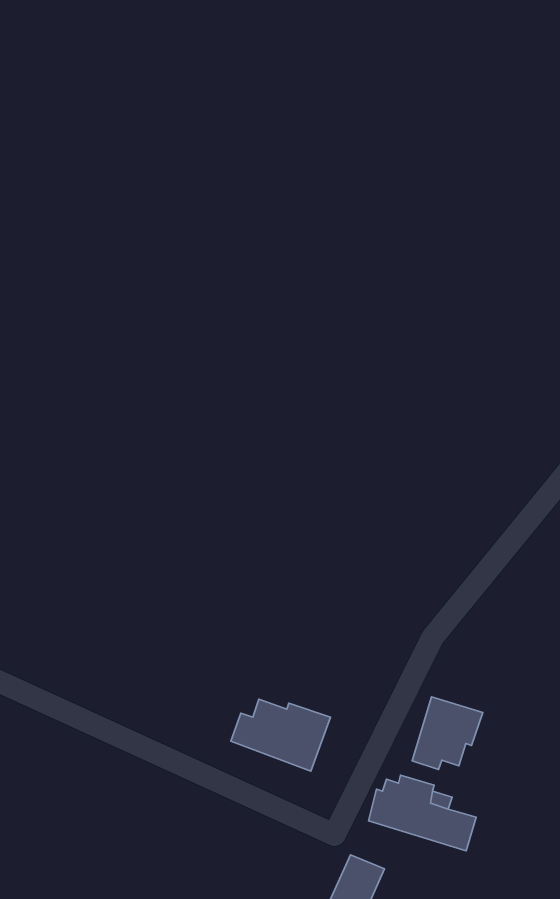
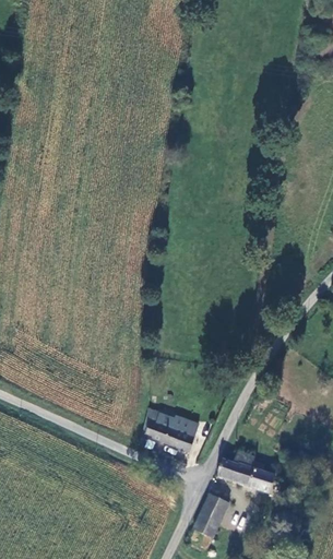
building: [412,697,483,769] -> none

